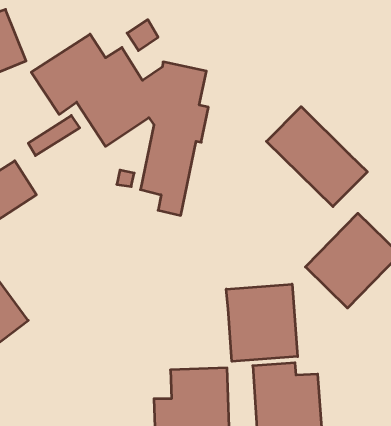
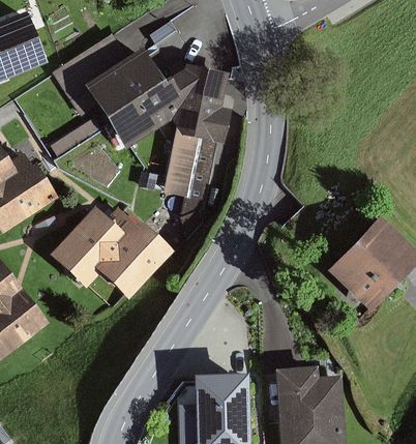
building: [266,107,367,207] -> none
building: none -> [49,206,172,298]
building: [226,284,298,361] -> none

